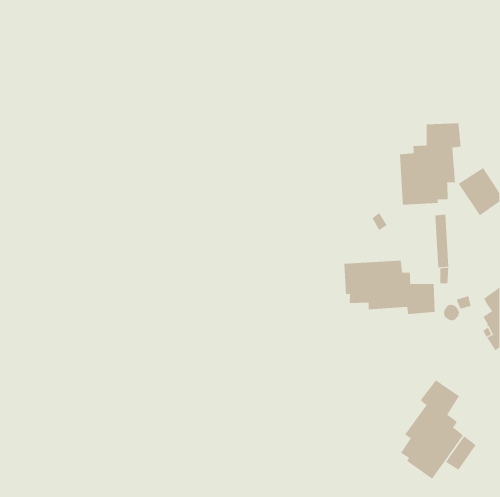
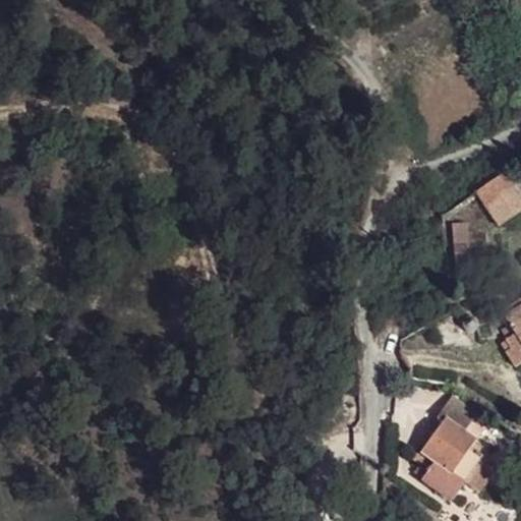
building: [399,122,461,206] -> none
building: [344,260,435,315] -> none

